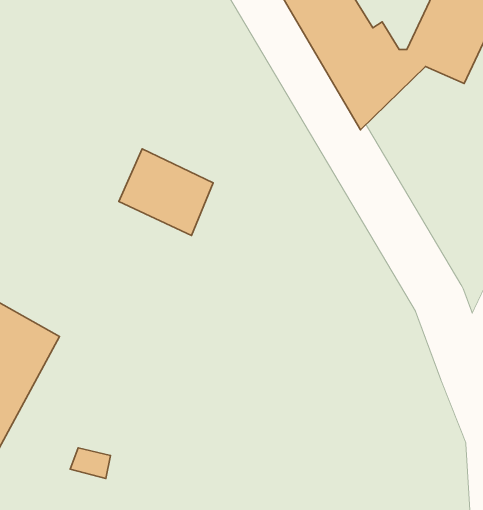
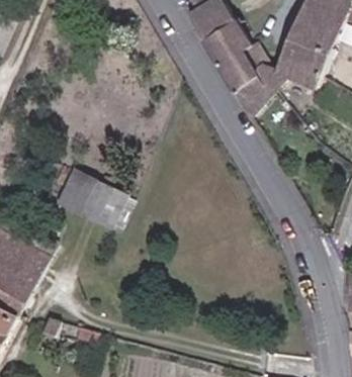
building: [119,149,213,235] -> [63,169,124,225]

